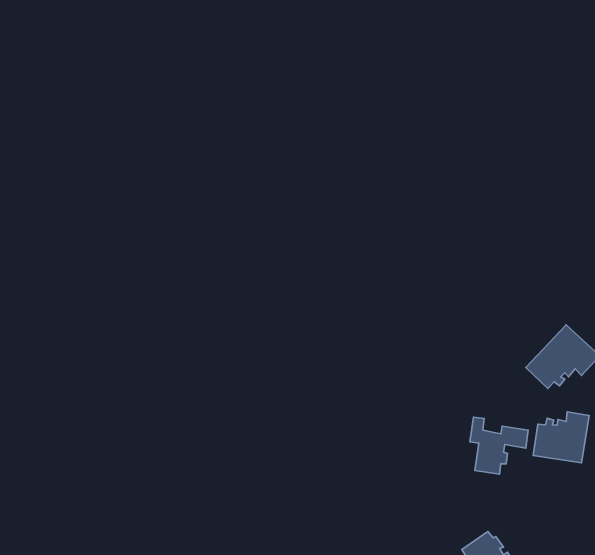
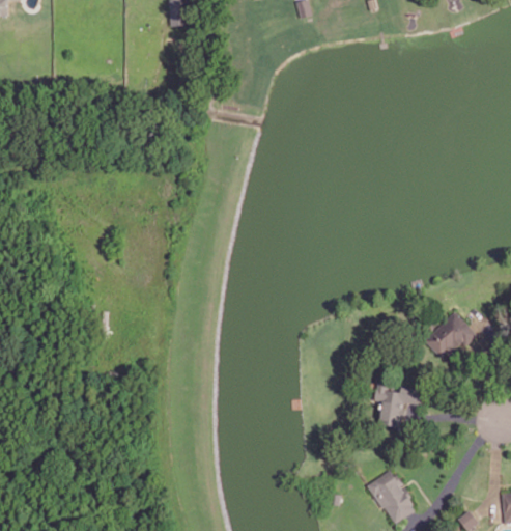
building: [533,412,589,463] -> none

